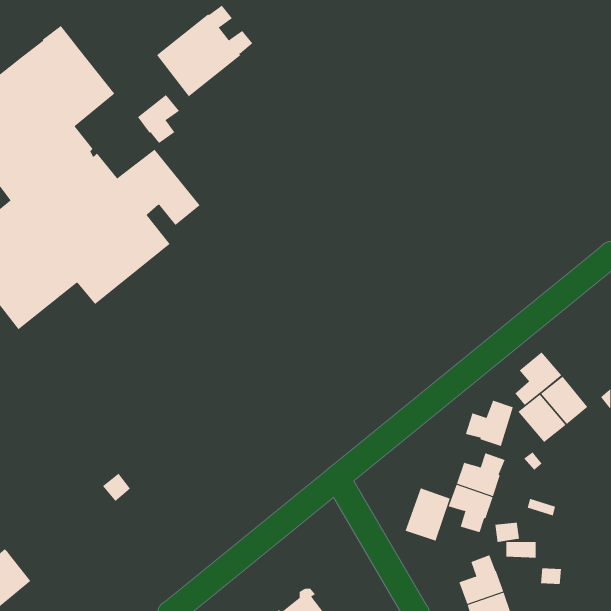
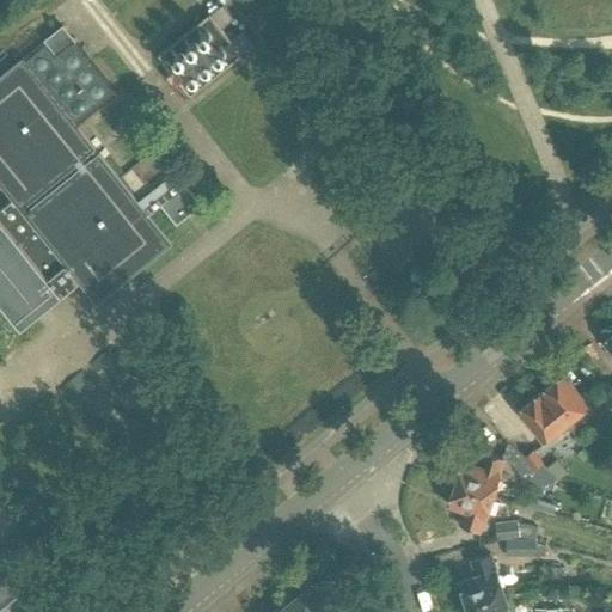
building: [137,94,180,144] -> none
building: [514,351,562,406] -> none
building: [465,400,514,447] -> none
building: [405,488,451,541] -> none

